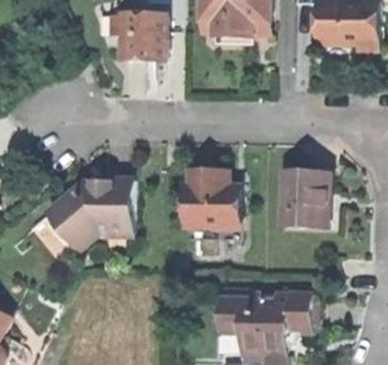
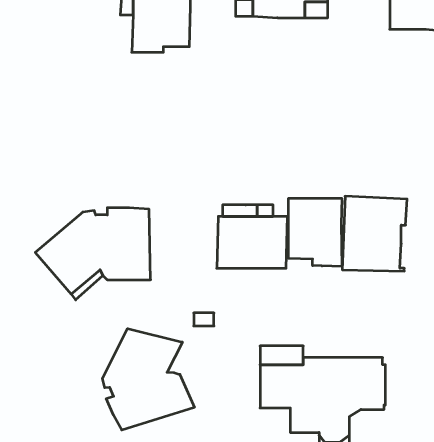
building: none -> [289,198,342,266]
building: none -> [102,329,194,430]

